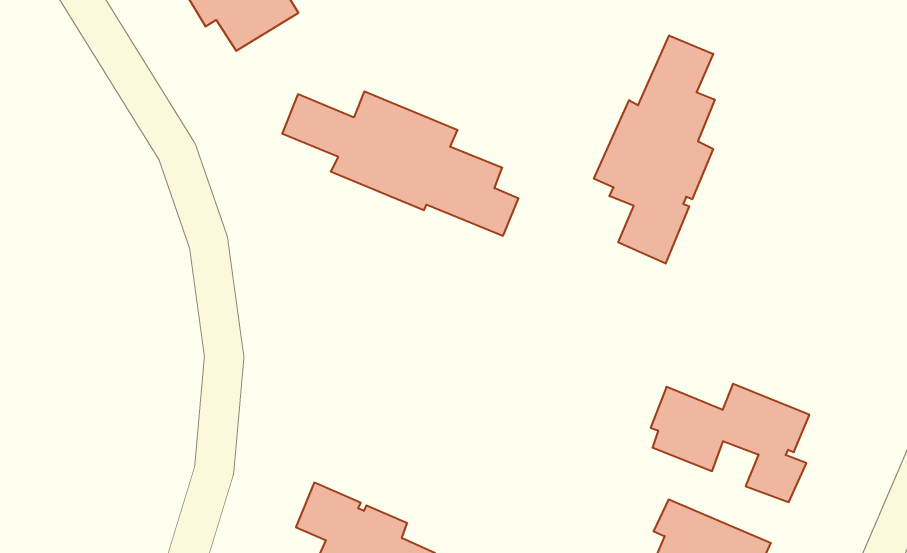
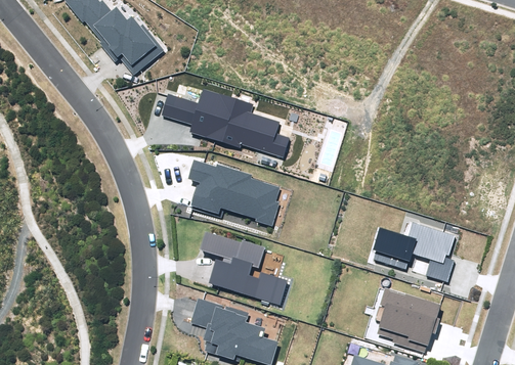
building: [594,35,715,264] -> none
building: none -> [188,159,281,226]
building: none -> [201,231,288,305]

